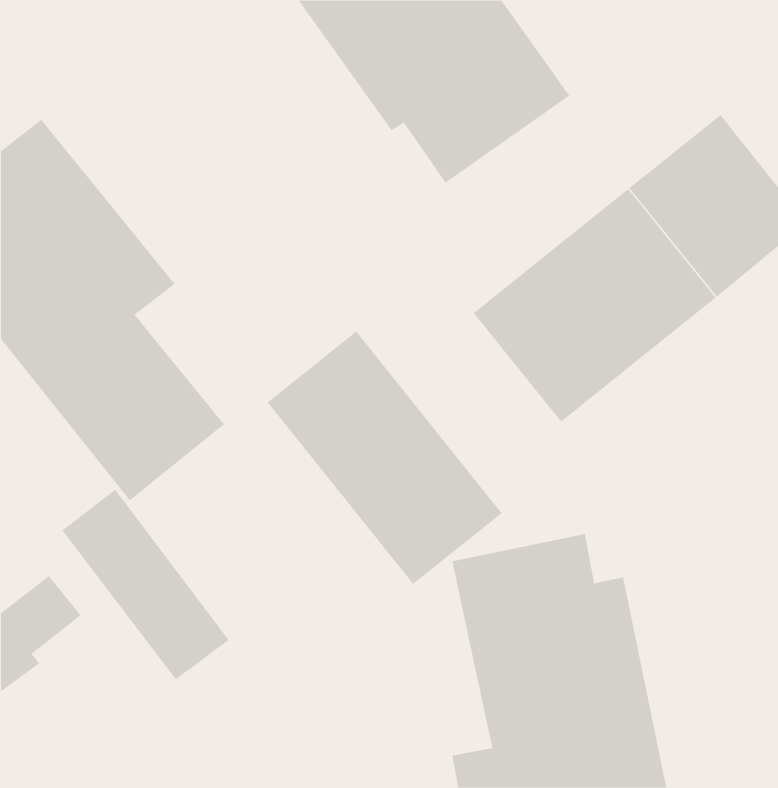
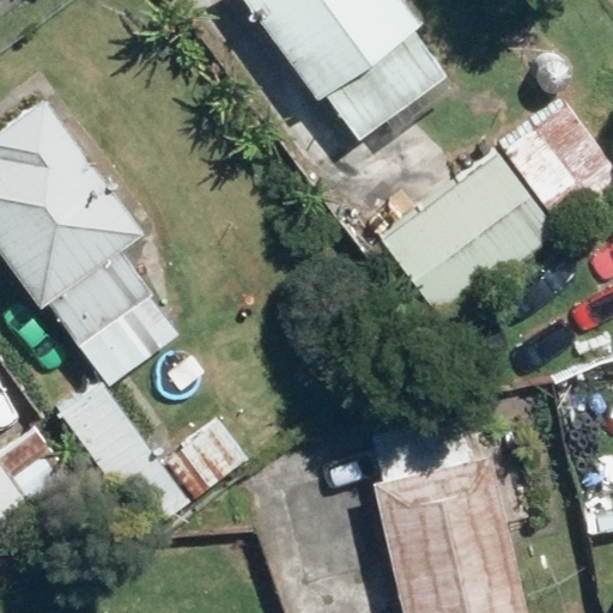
building: [267,331,503,585] -> none

